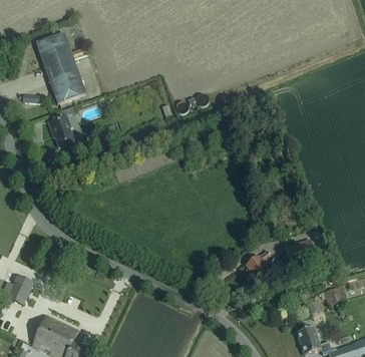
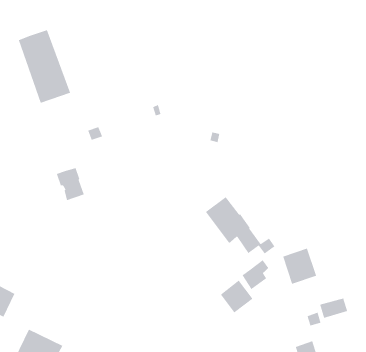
building: [48,114,75,146] -> [56,167,85,201]
building: none -> [205,196,275,254]
building: none -> [220,280,253,314]

